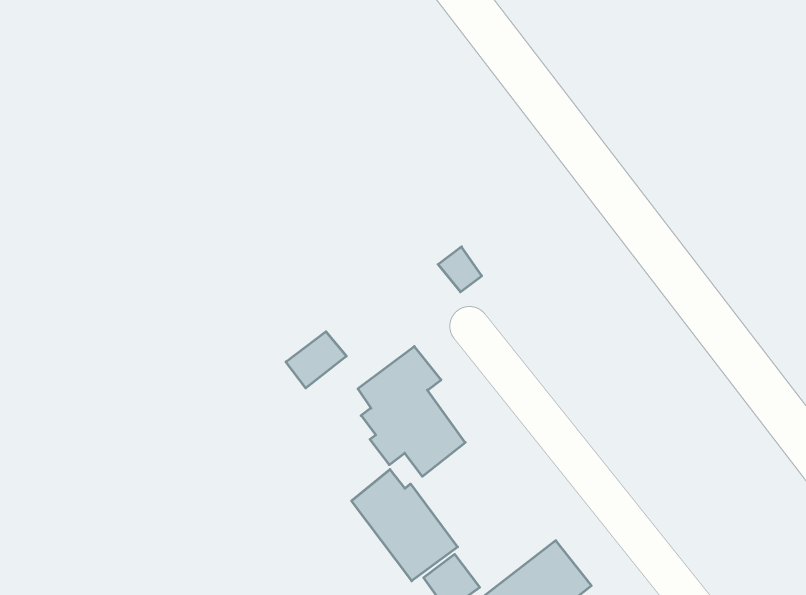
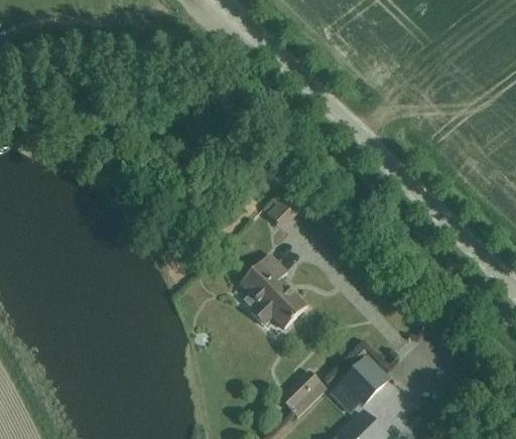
building: [286,332,346,388] -> none
building: [352,469,458,581] -> none

